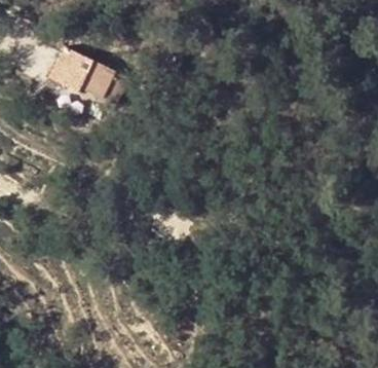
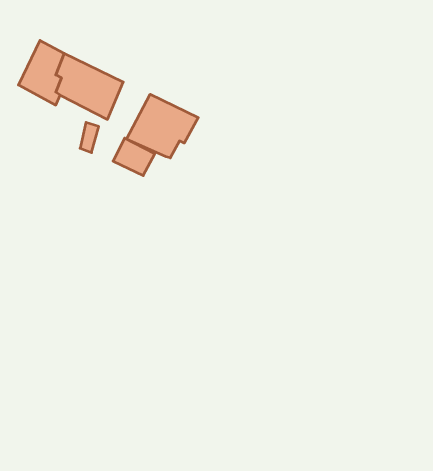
building: none -> [126,94,198,158]

